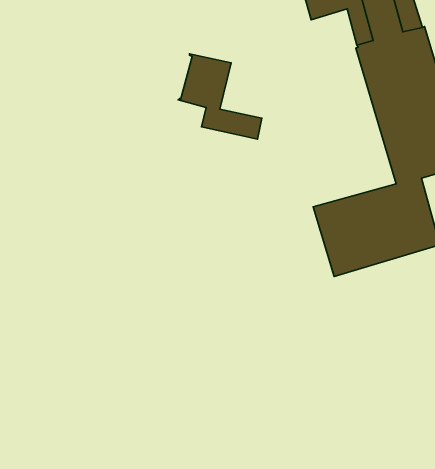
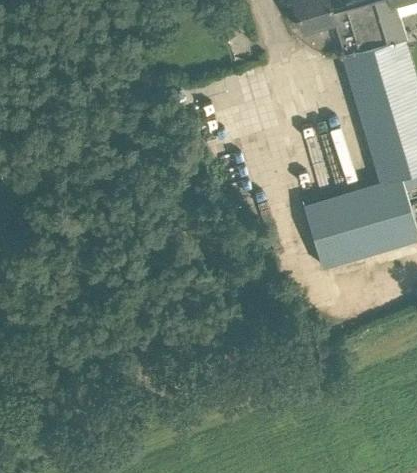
building: [178,54,262,139] -> none

